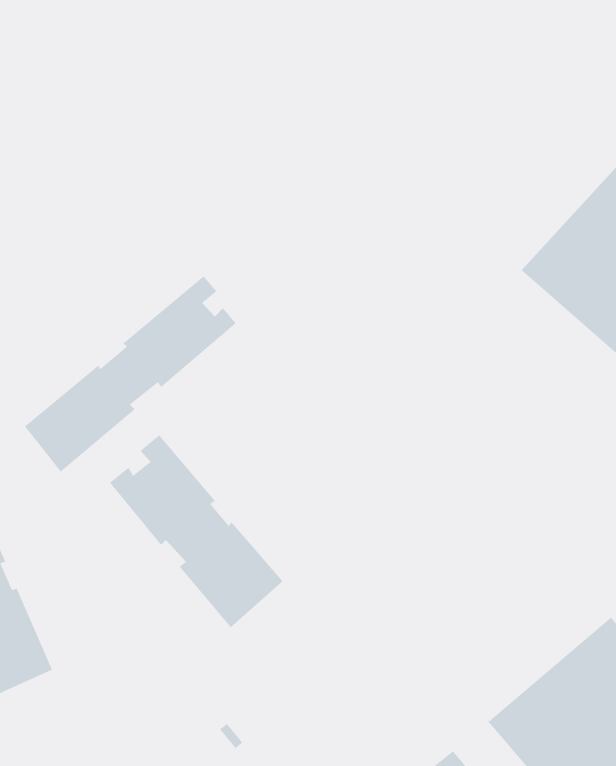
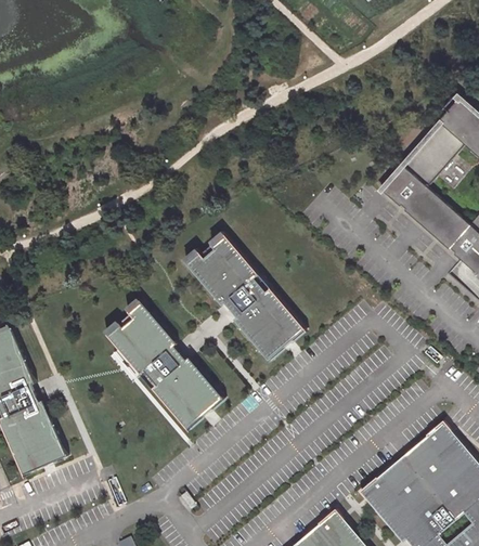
building: [24,276,236,472] -> none
building: none -> [182,234,303,362]

